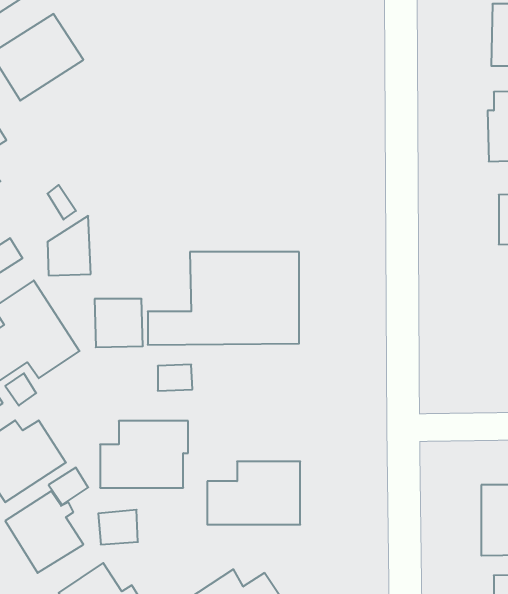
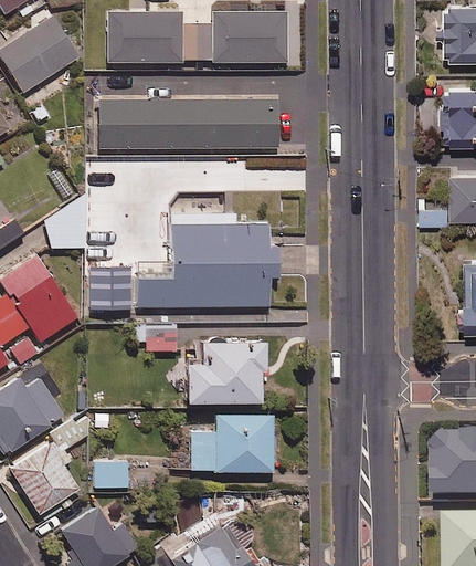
building: none -> [107,10,287,64]
building: none -> [99,99,278,148]
building: [100,421,188,488] -> [187,340,265,400]

